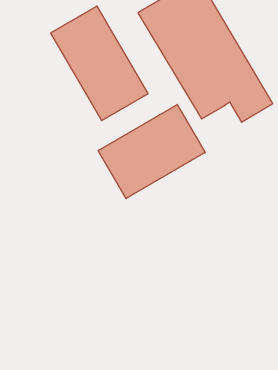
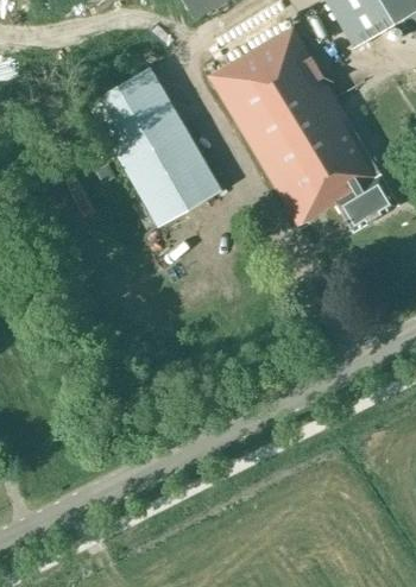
building: [98,104,205,199] -> none

